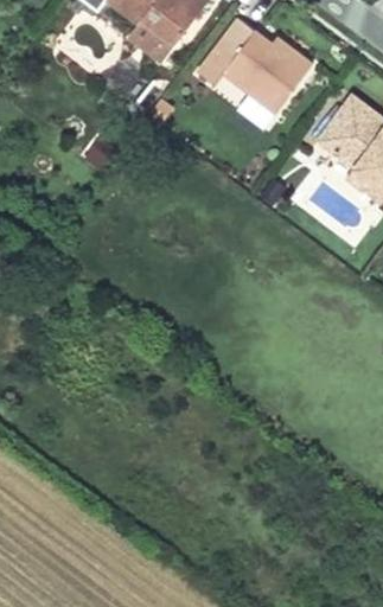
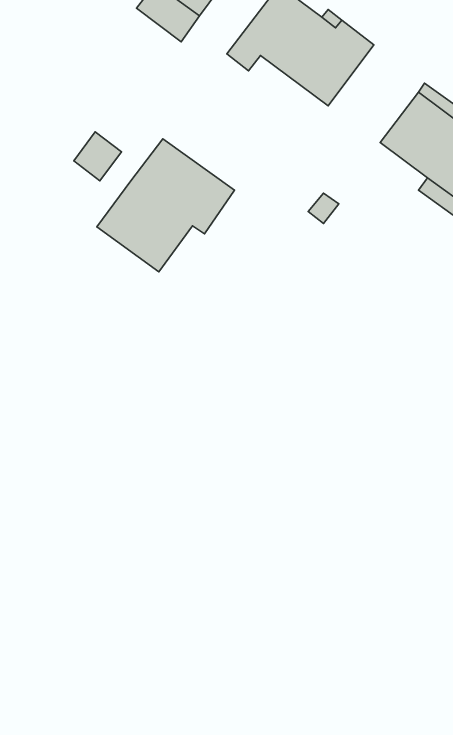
building: none -> [97,139,234,272]

